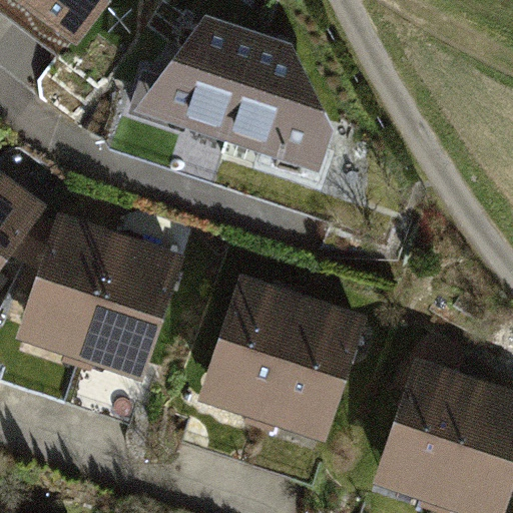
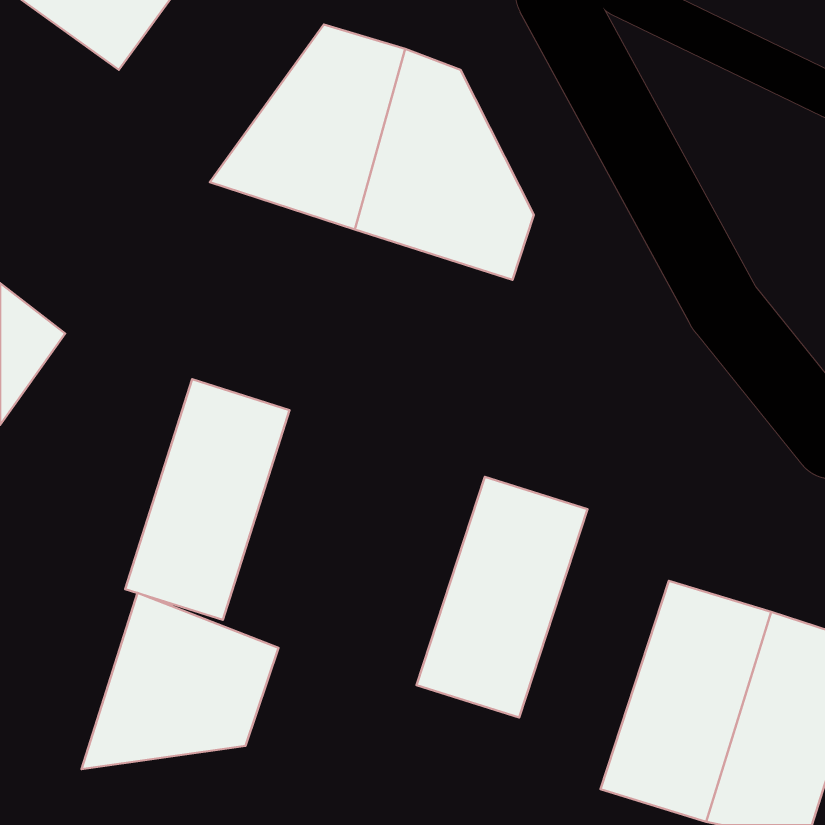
building: [18,213,122,363] -> none
building: [197,274,303,422] -> none
building: none -> [82,593,278,769]

